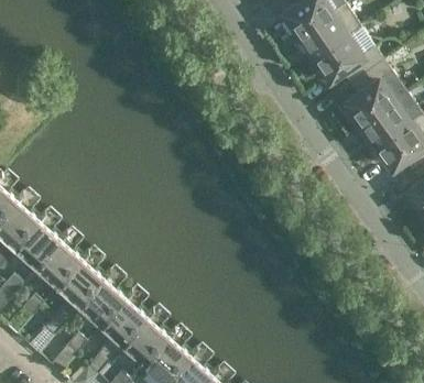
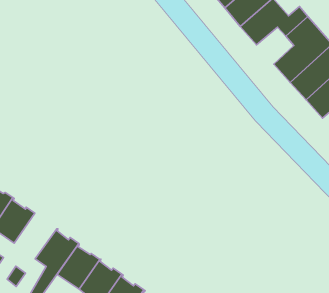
building: [35,239,84,288] -> none

